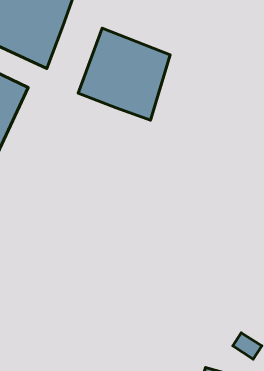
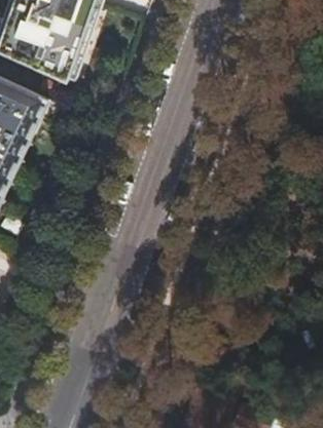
building: [78,28,170,120] -> none

